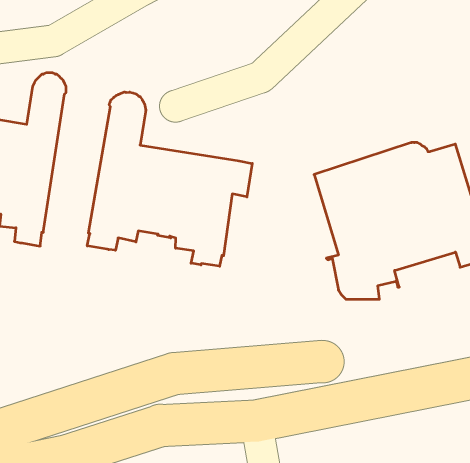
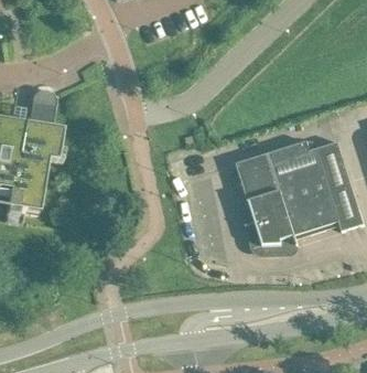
building: [87,92,252,266] -> none

